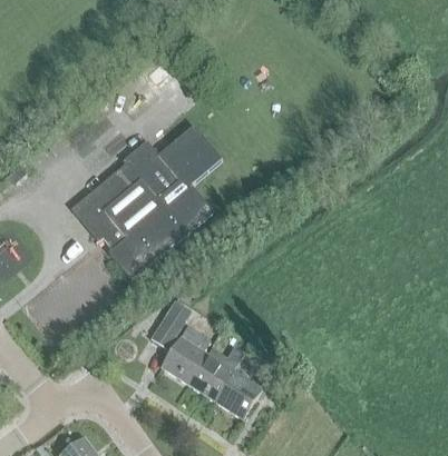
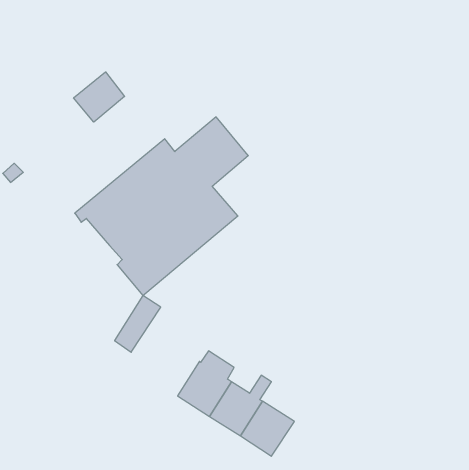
building: none -> [74,72,125,122]
building: [150,300,191,349] -> [115,296,161,352]

